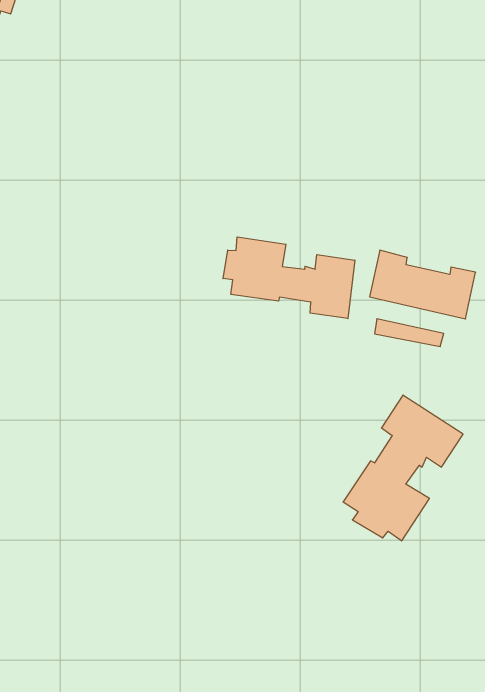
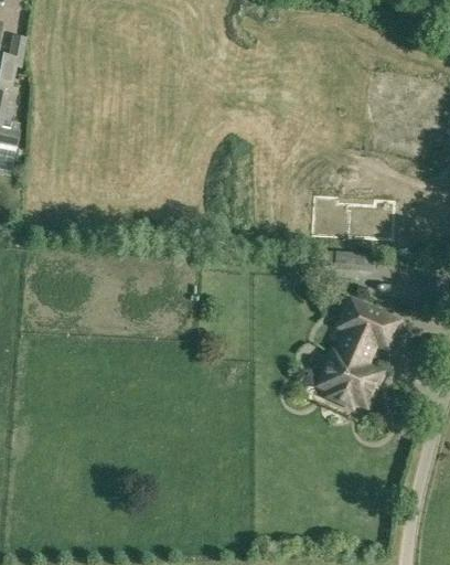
building: [223,237,355,319] -> none

